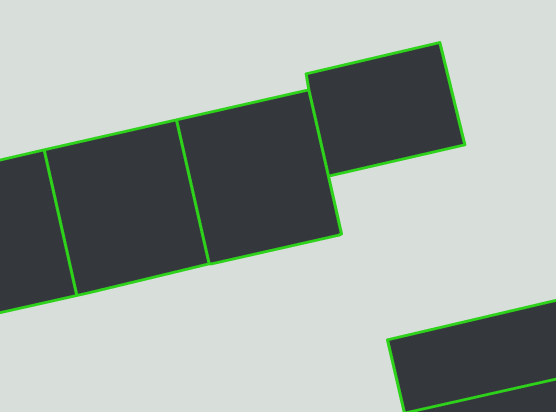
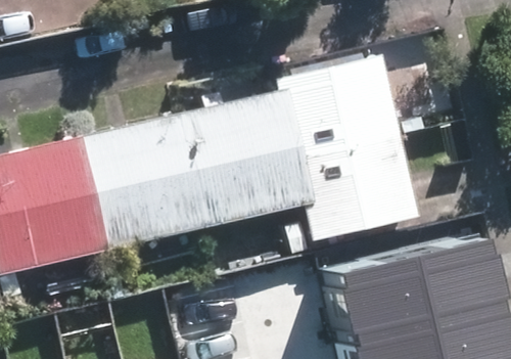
building: none -> [298,131,423,236]

